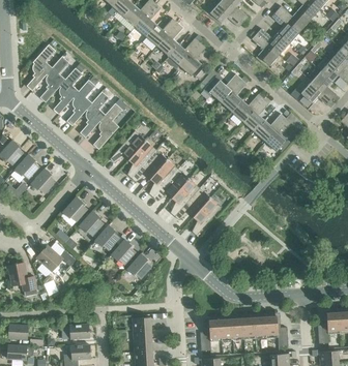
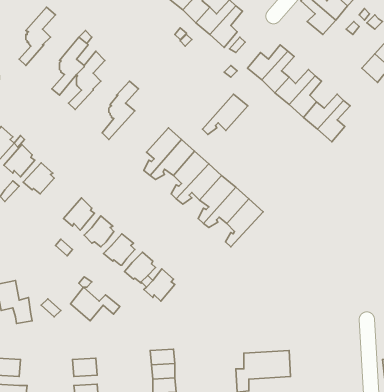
building: [39,56,68,101] -> none
building: [80,91,109,136] -> none
building: [110,130,146,162] -> [203,94,248,134]
building: [36,244,76,271] -> [71,287,120,321]
building: [242,315,288,345] -> none

